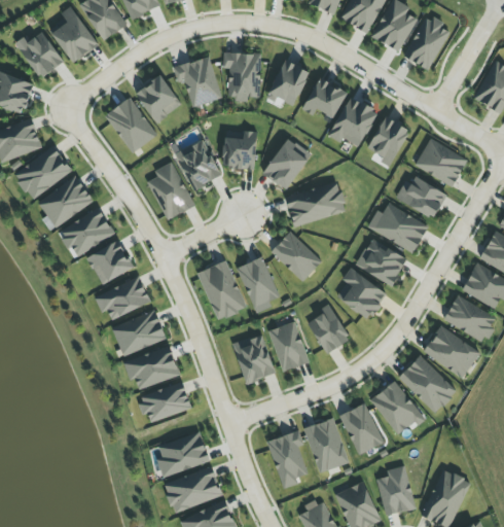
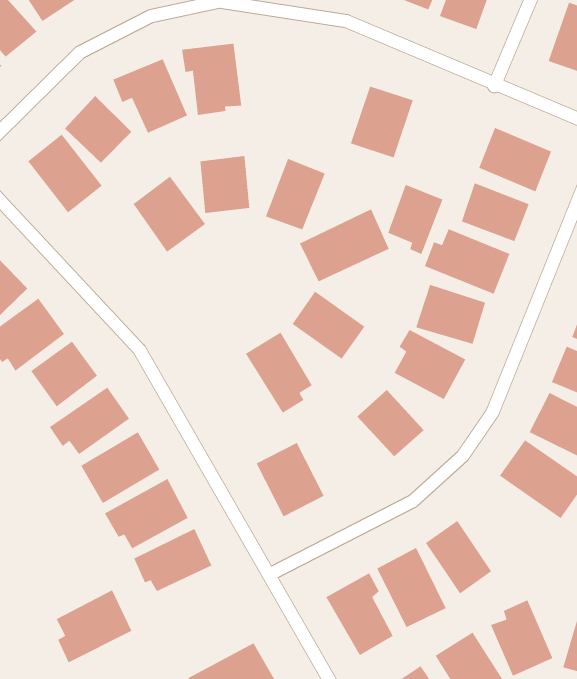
building: [269,60,310,105] -> none
building: [302,77,348,118] -> none
building: [368,116,410,167] -> [387,184,444,255]
building: [147,162,196,220] -> none
building: [197,260,247,321] -> none
building: [268,321,310,372] -> none
building: [371,381,424,435] -> none
building: [157,431,210,478] -> [56,589,132,663]

